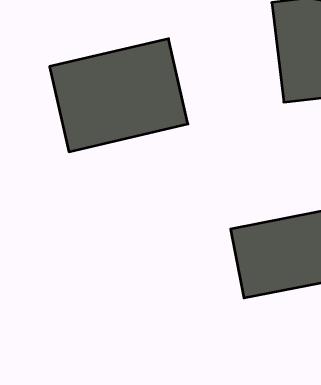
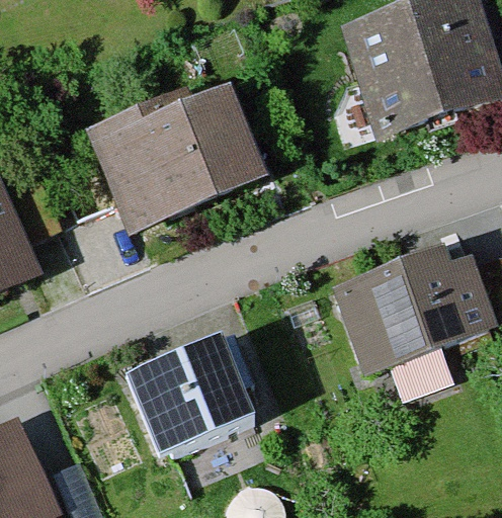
building: none -> [123,333,256,457]

